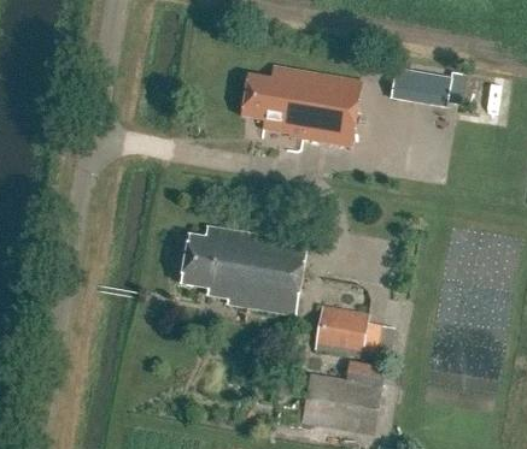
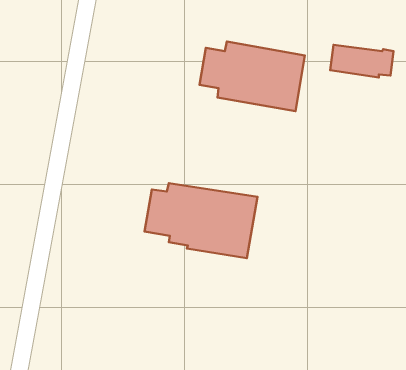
building: [314,306,382,360] -> none
building: [301,362,383,433] -> none

